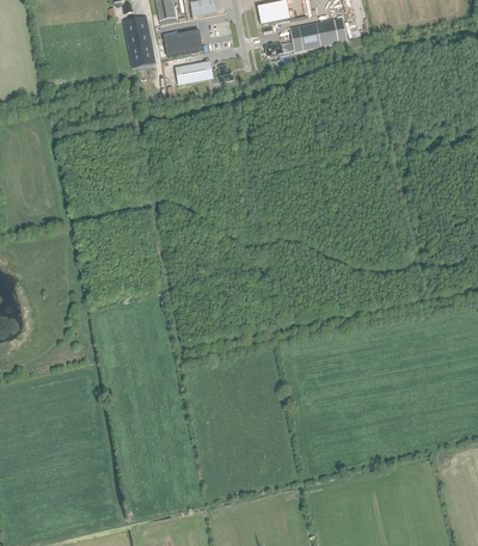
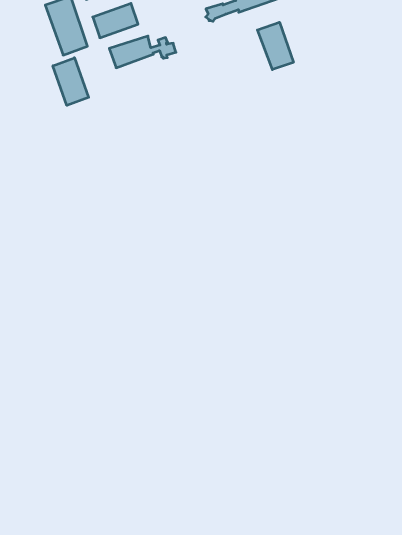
building: none -> [257,22,293,70]
building: none -> [53,58,89,105]

